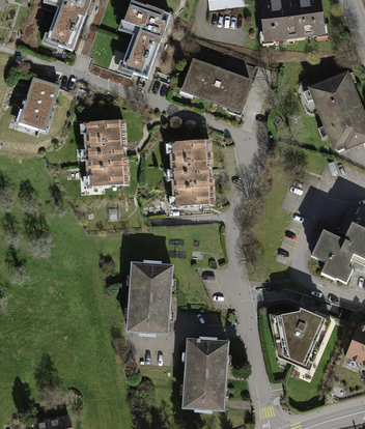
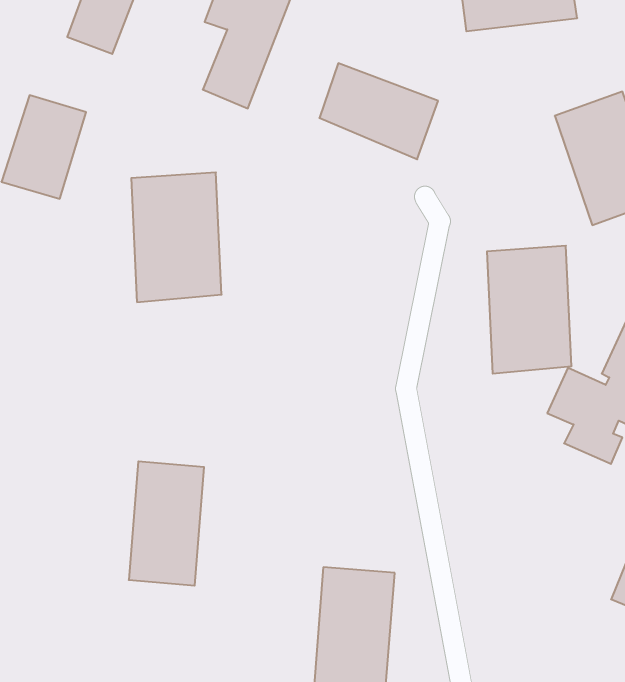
building: [164,137,210,207] -> [487,246,572,374]
building: [129,266,170,335] -> [129,461,204,586]
building: [268,305,330,368] -> none

